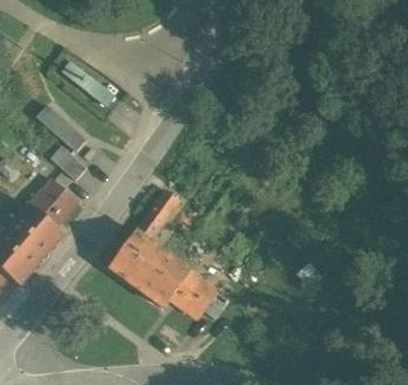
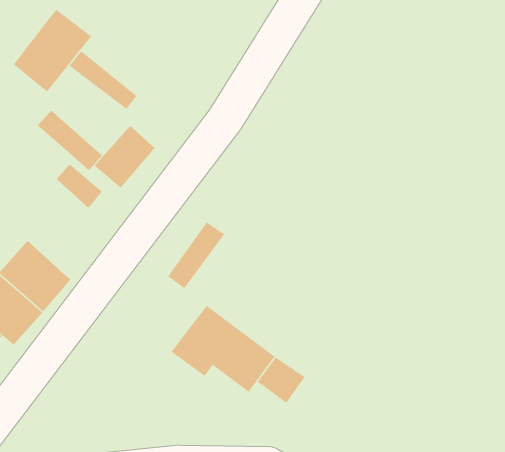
building: none -> [13,9,92,92]
building: none -> [94,125,156,188]
building: [30,178,79,228] -> none
building: [109,232,166,290] -> none

